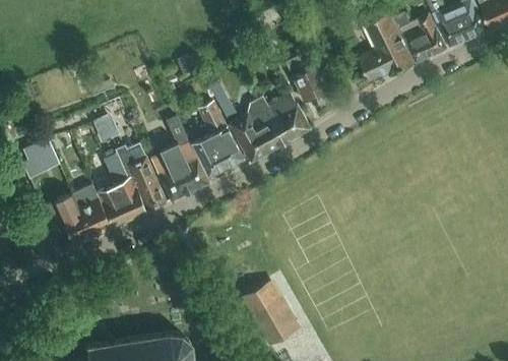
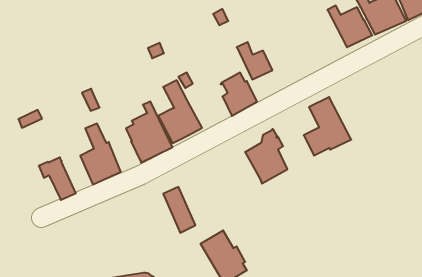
building: [359,12,416,82] -> [304,97,351,156]
building: [228,97,278,162] -> [245,129,287,184]
building: [21,147,58,177] -> none
building: [127,157,166,212] -> [163,187,195,233]
building: [74,192,112,237] -> none

